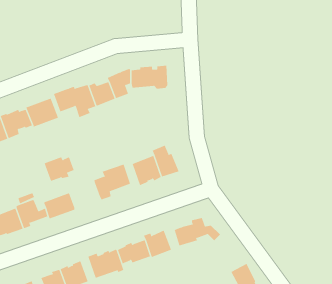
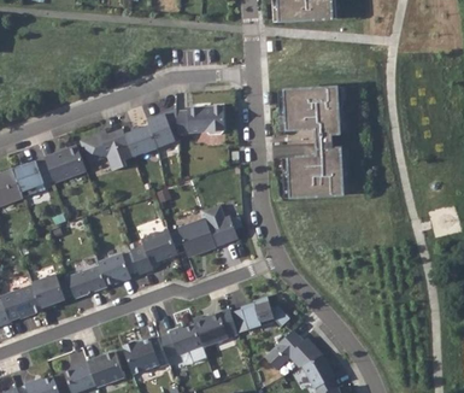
building: none -> [283,87,342,198]
building: [44,157,74,182] -> [98,253,136,285]
building: none -> [263,330,322,370]

